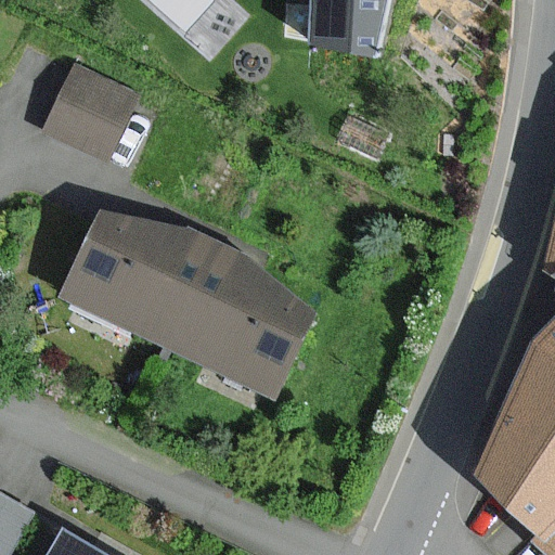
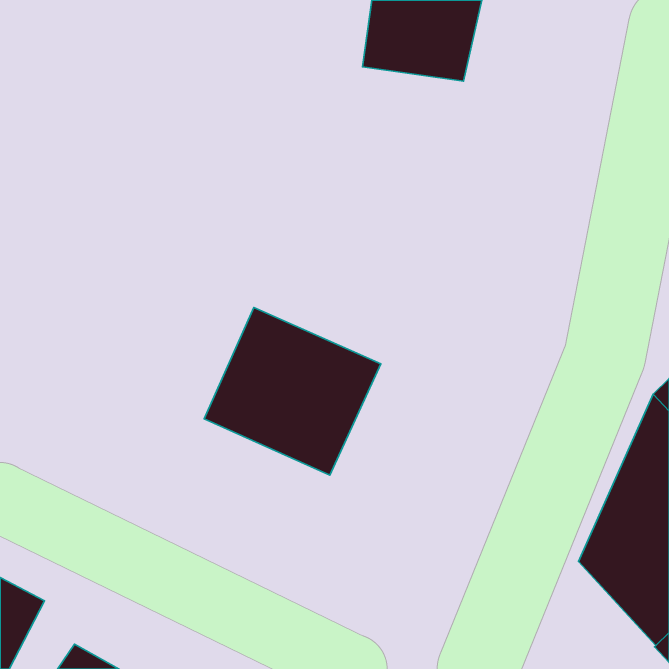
building: [41,64,137,162] -> none
building: [64,207,210,347] -> none

